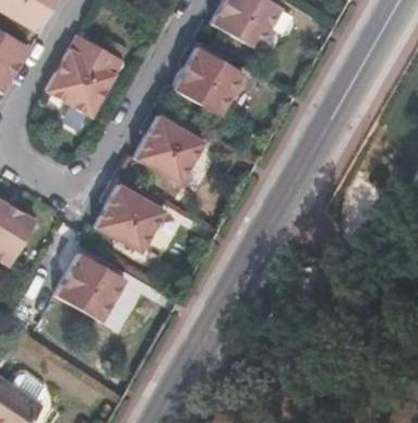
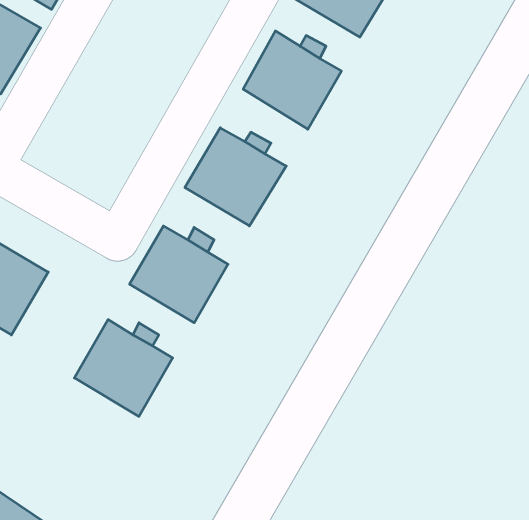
building: [49,31,129,115] -> none

